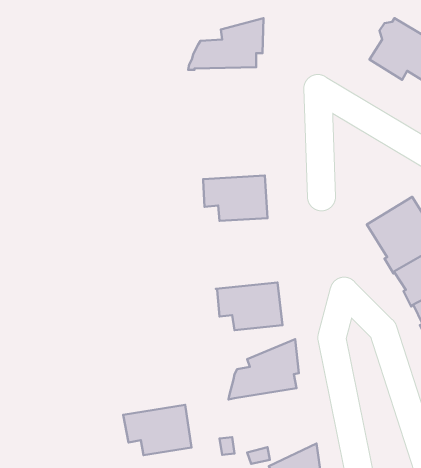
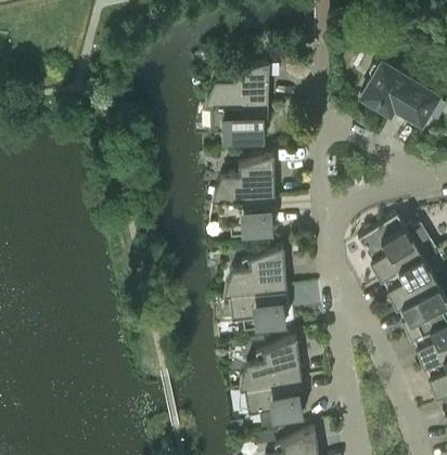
building: none -> [210,105,265,143]
building: none -> [213,156,276,203]
building: none -> [225,248,286,298]
building: [123,405,191,455] -> [245,381,304,425]

